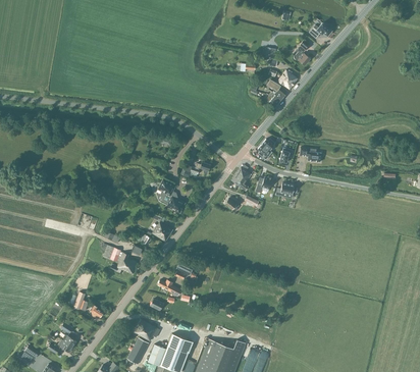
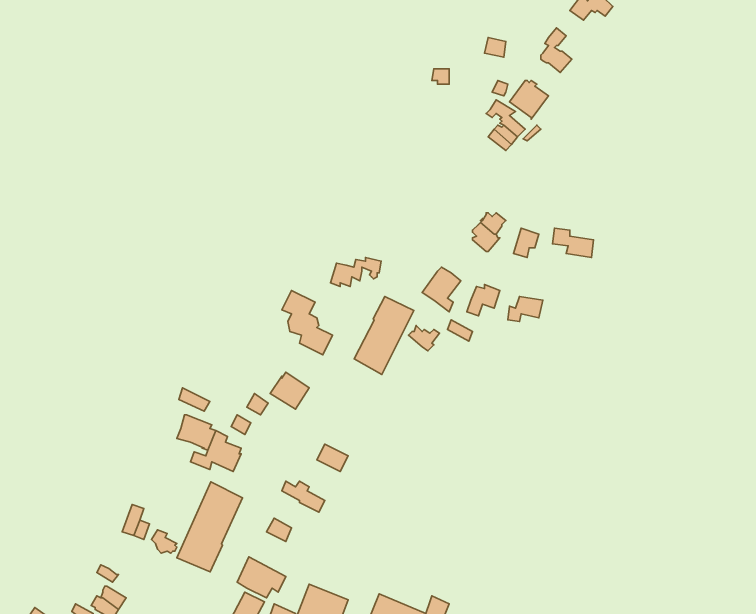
building: none -> [354,296,414,374]
building: none -> [177,482,243,572]

